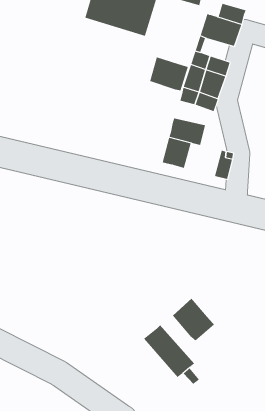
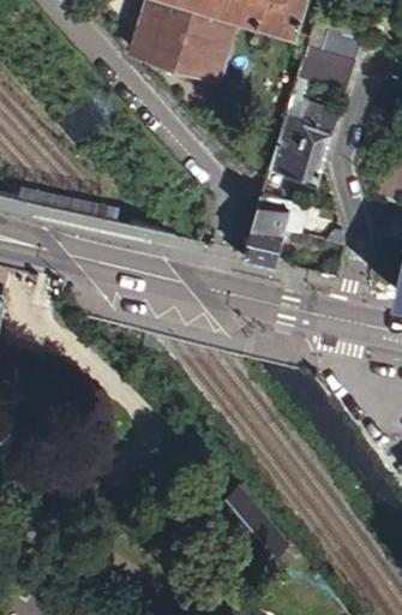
building: [149,56,189,91] -> none
building: [172,298,215,342] -> none

